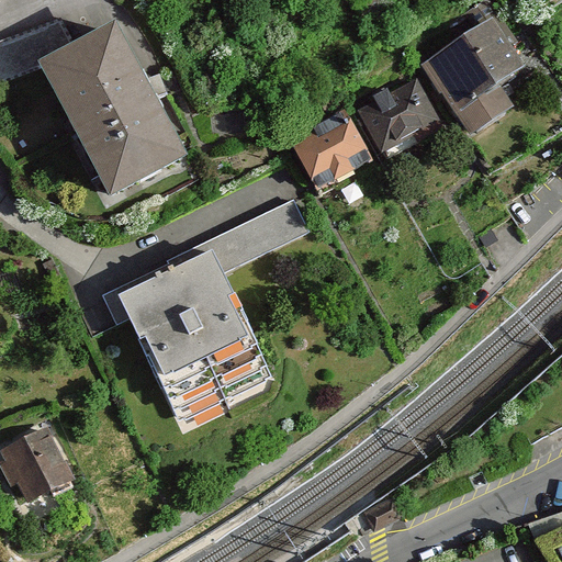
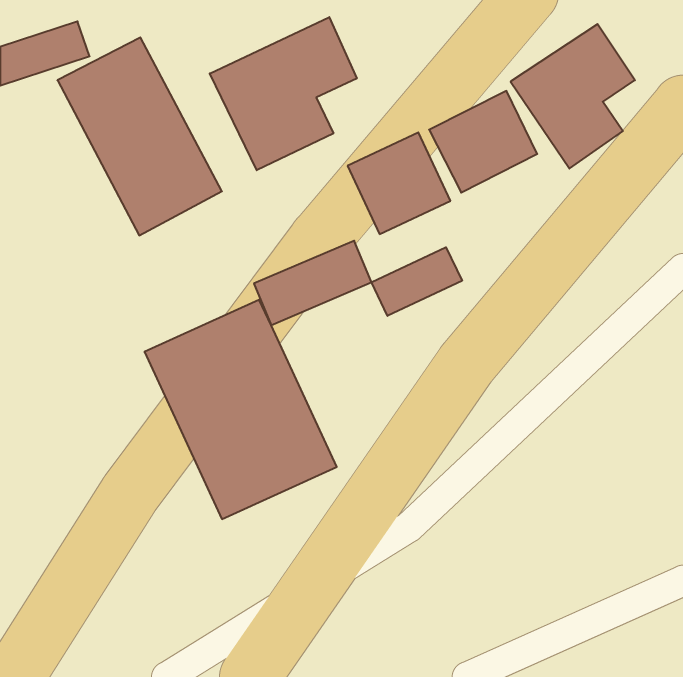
building: none -> [210,17,357,170]
building: none -> [372,247,462,316]
building: [7,430,71,499] -> none

